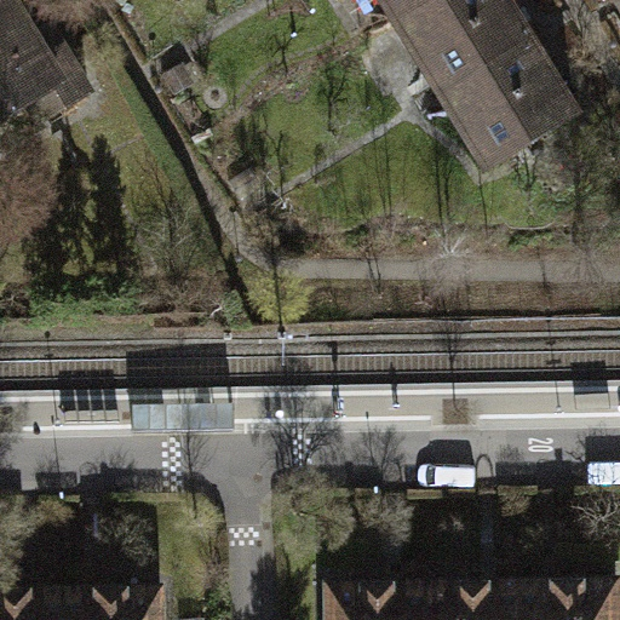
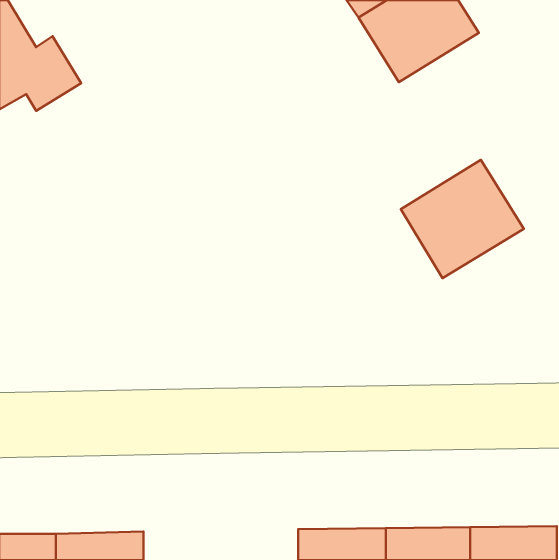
building: [441,36,576,167] -> [401,160,524,278]

